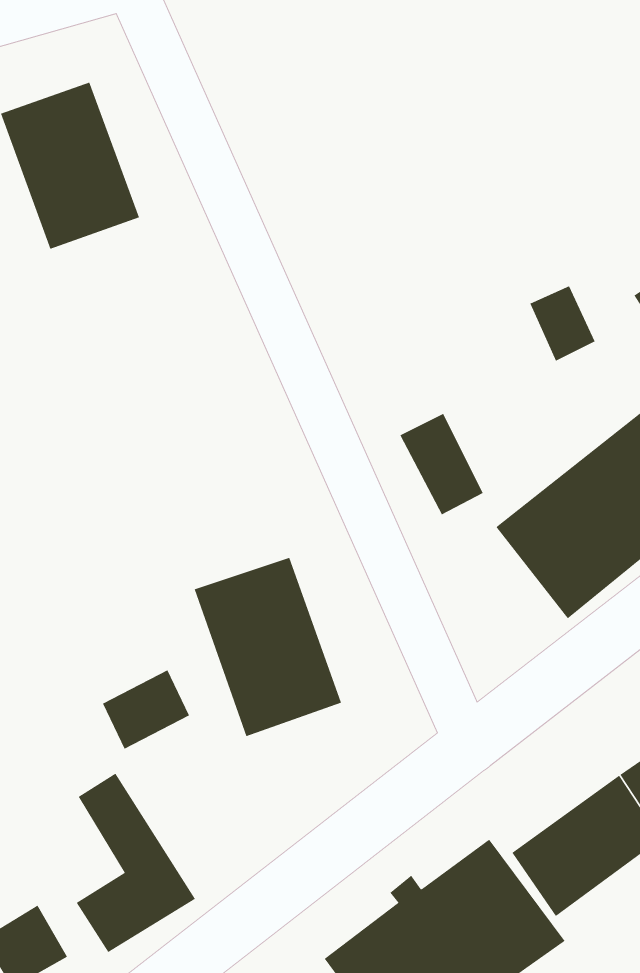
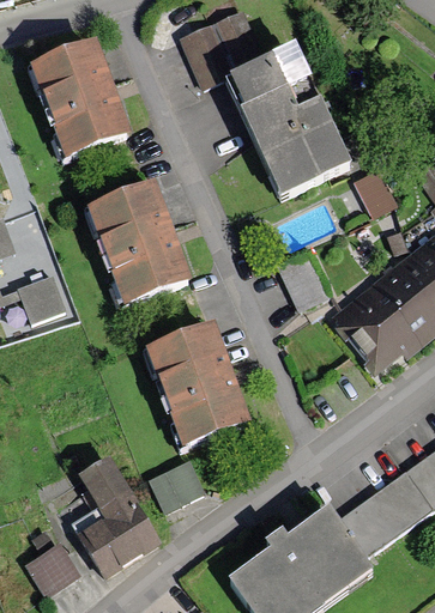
building: none -> [185,14,258,83]
building: none -> [228,49,350,199]
building: none -> [91,192,181,302]
building: [102,669,190,749] -> [147,462,200,510]

